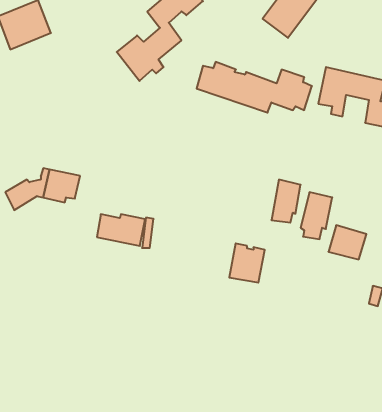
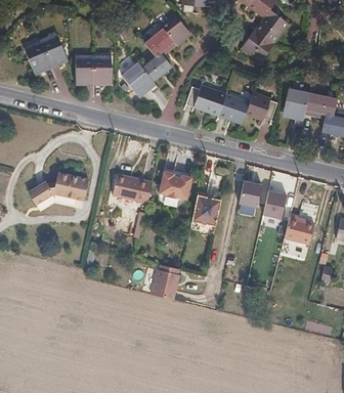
building: none -> [72,57,109,84]
building: none -> [161,169,193,196]
building: [97,214,145,246] -> [115,174,154,200]
building: [229,243,265,283] -> [193,191,222,223]
building: none -> [155,265,182,296]

